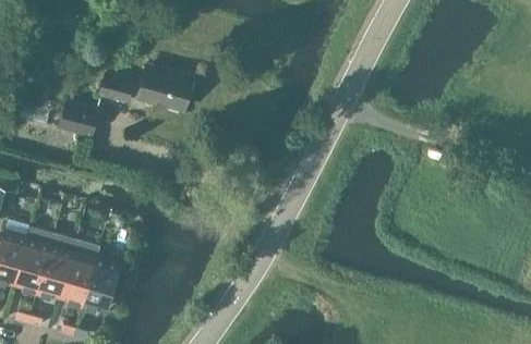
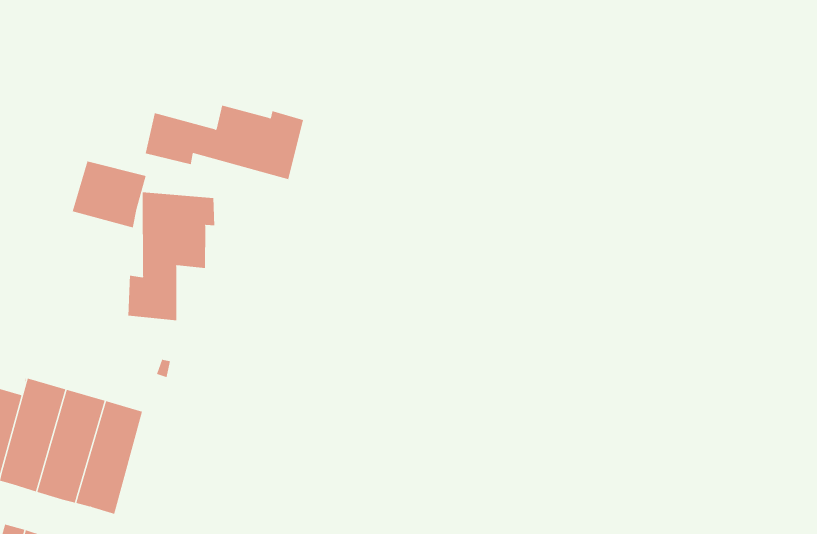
building: none -> [128,192,215,321]
building: [81,245,119,311] -> none

